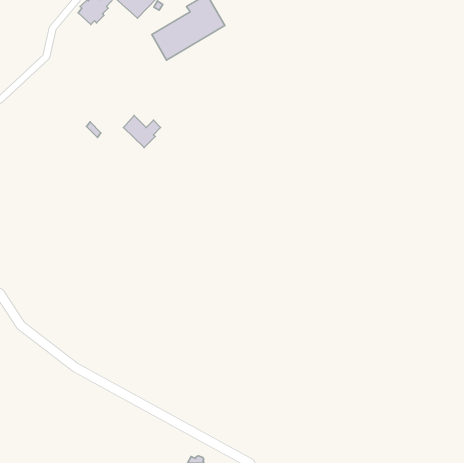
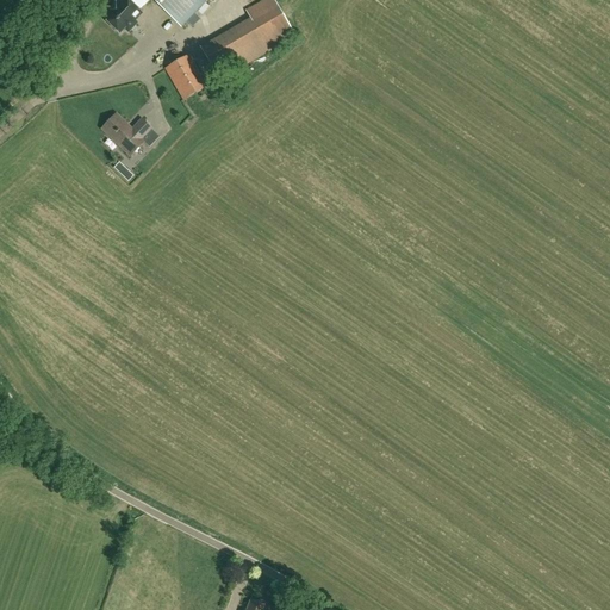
building: none -> [163,52,207,99]
building: [123,116,161,147] -> [101,112,150,154]

